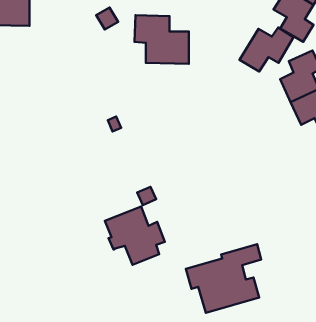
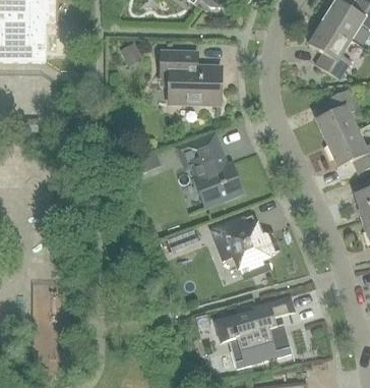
building: [240,27,294,72] -> none
building: none -> [177,133,242,208]
building: [105,207,165,265] -> [212,215,276,277]

